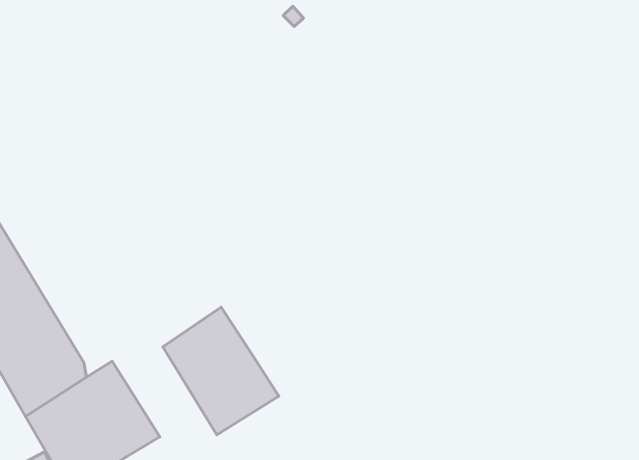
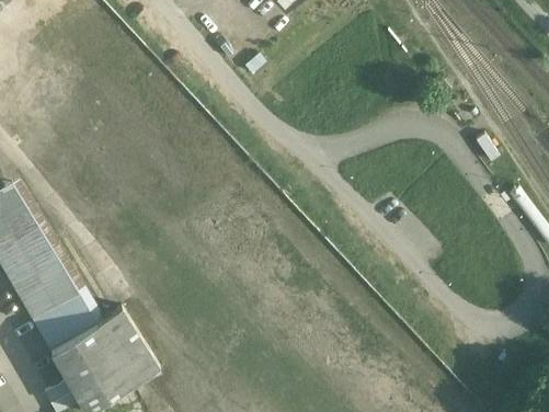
building: [163,307,279,435] -> none

